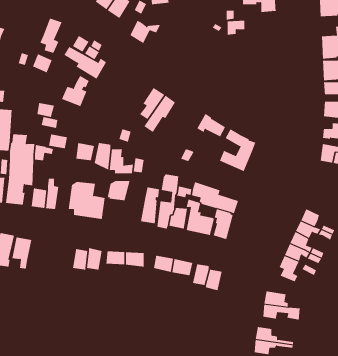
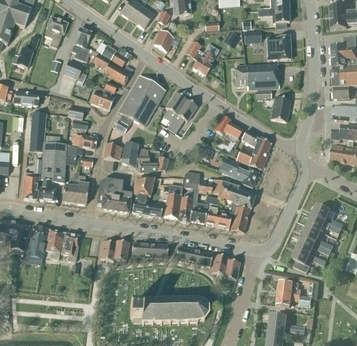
building: none -> [45,15,68,47]
building: none -> [266,36,291,58]
building: none -> [187,40,219,75]
building: none -> [234,62,279,88]
building: none -> [115,74,166,132]
building: none -> [271,96,291,121]
building: none -> [219,157,259,186]
building: none -> [132,194,163,216]
building: none -> [62,232,80,261]
building: none -> [130,296,209,323]

